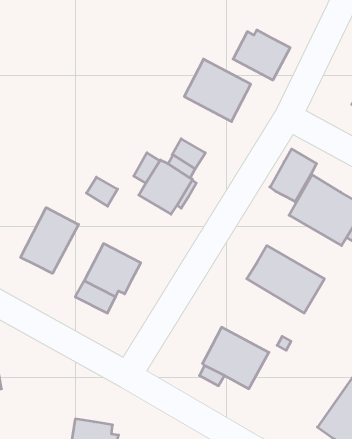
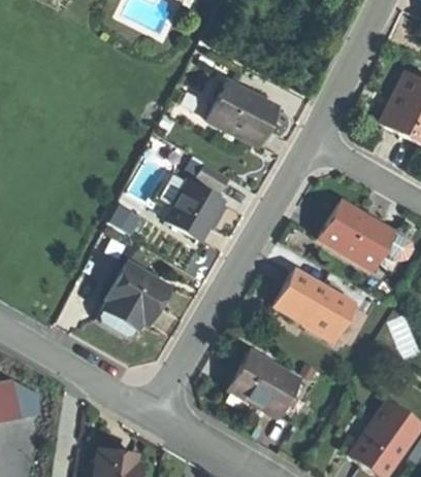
building: [233,30,290,80] -> none
building: [270,149,317,202] -> none
building: [21,208,79,273] -> none

